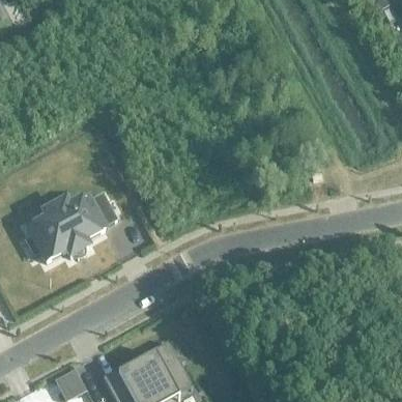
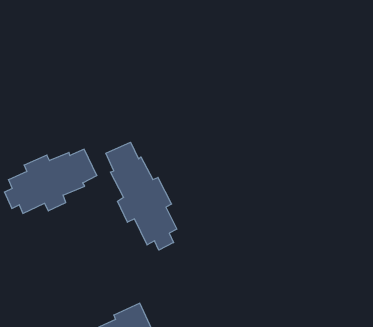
building: none -> [106,142,177,250]

